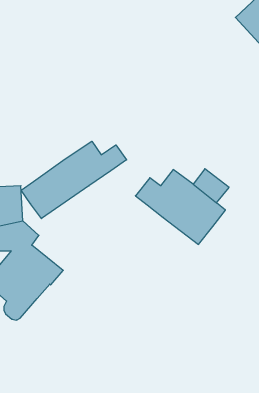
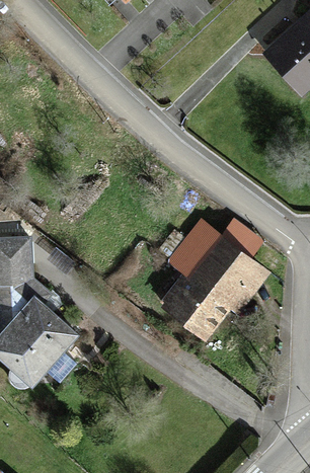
building: [21,141,127,219] -> none
building: none -> [162,273,230,335]

